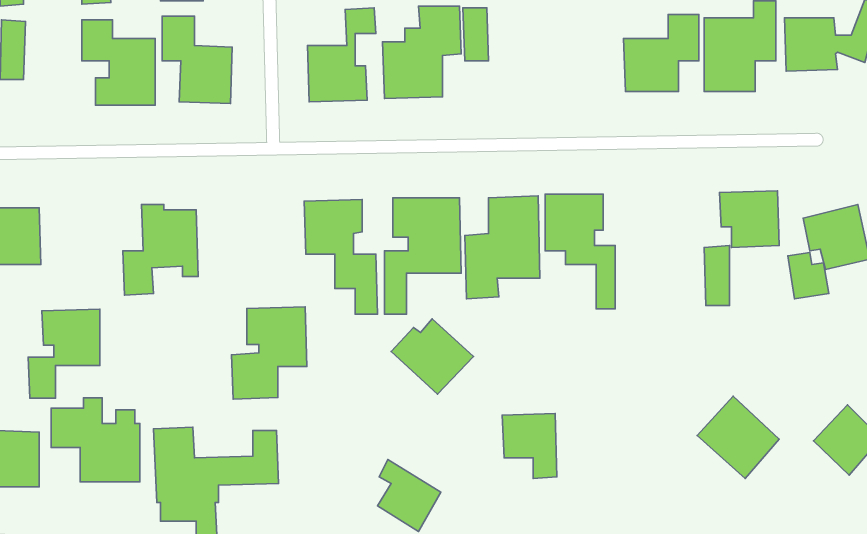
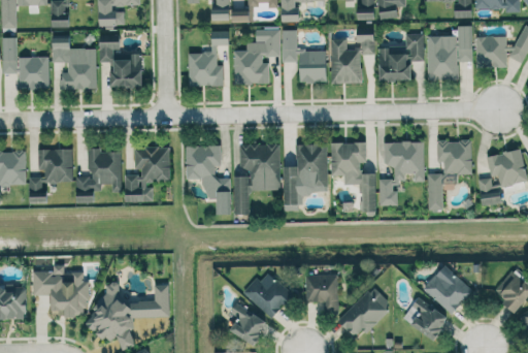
building: none -> [330,34,374,84]
building: none -> [299,51,326,83]
building: none -> [19,57,50,90]
building: none -> [378,141,425,205]
building: [232,307,307,399] -> [125,147,170,202]
building: [28,309,100,398] -> [29,149,72,202]
building: [391,319,473,394] -> [243,272,293,318]
building: none -> [338,286,393,336]
building: none -> [402,297,449,340]

